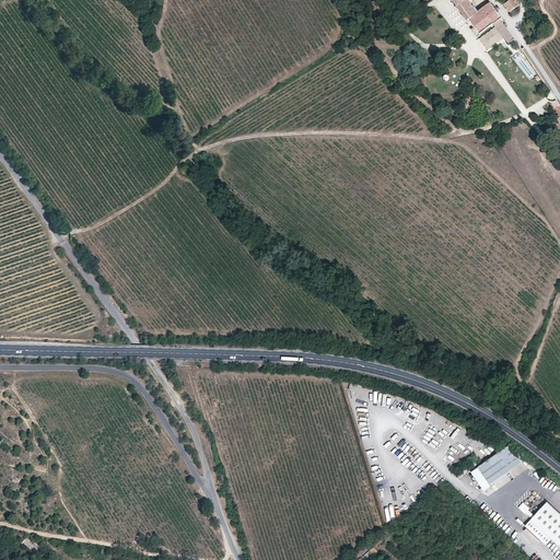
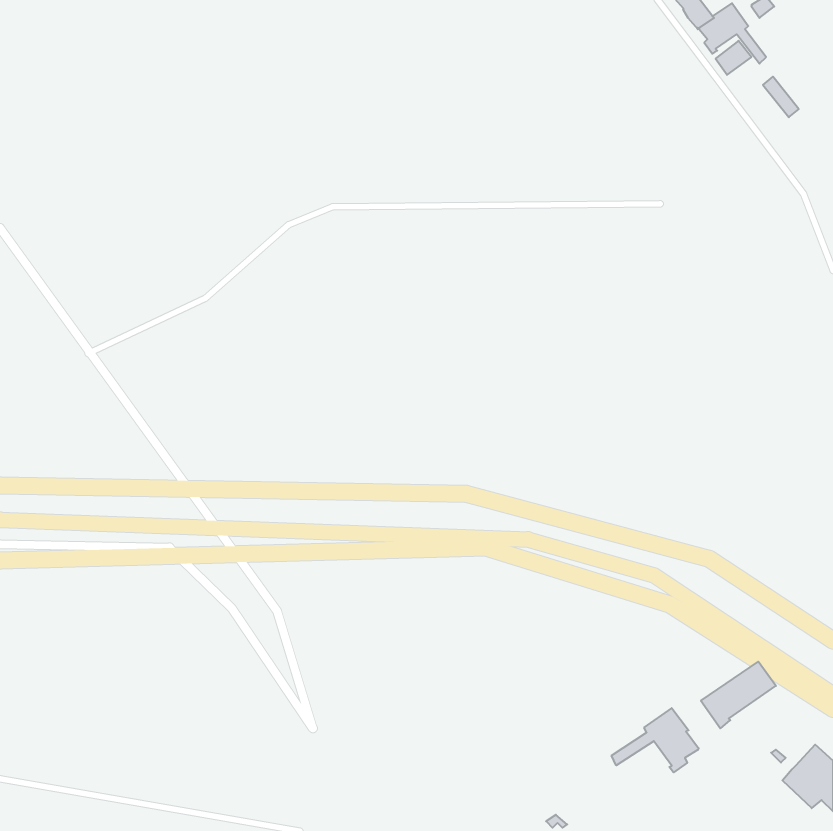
building: none -> [612,708,699,772]

